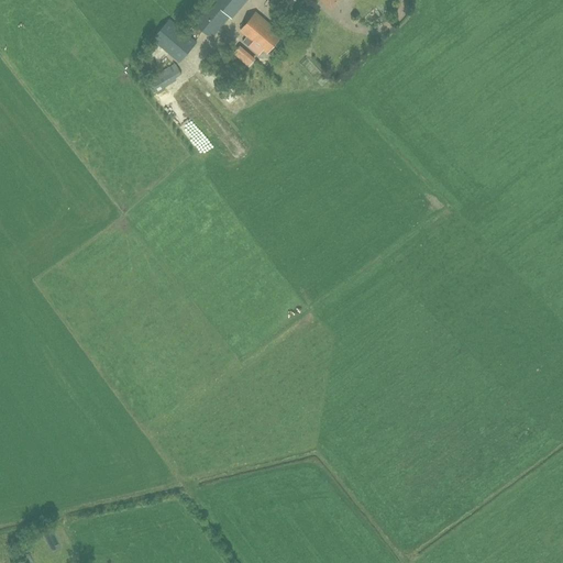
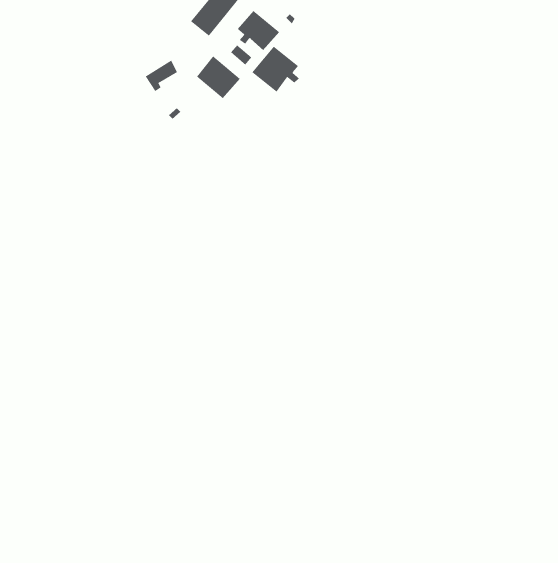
building: [154,20,198,63] -> [196,56,241,99]
building: none -> [252,46,300,92]

